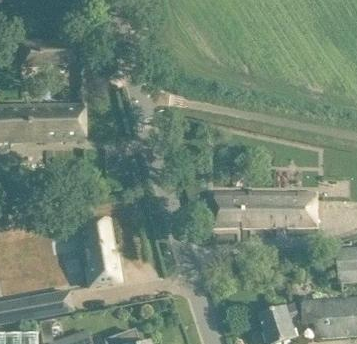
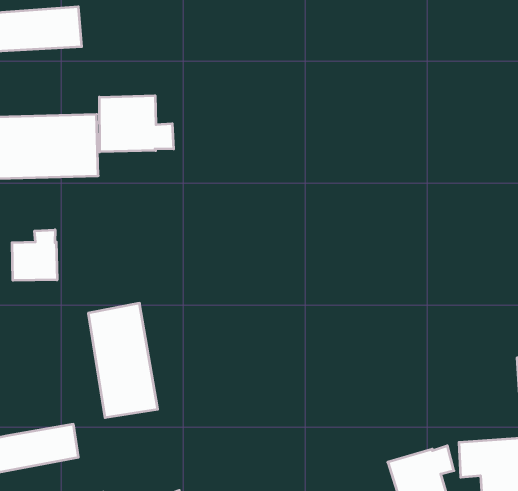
building: none -> [99,96,174,152]
building: none -> [12,230,57,280]
building: [215,190,316,226] -> none

